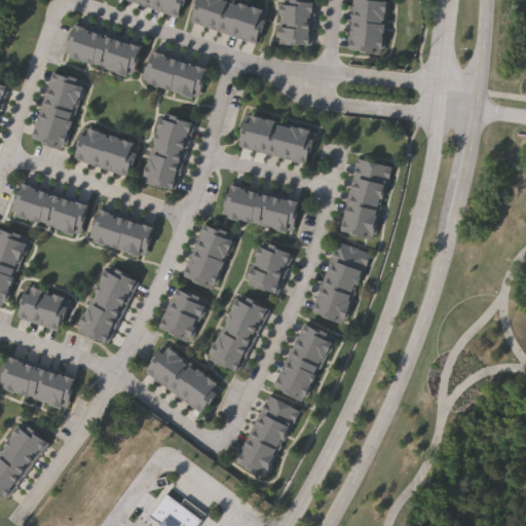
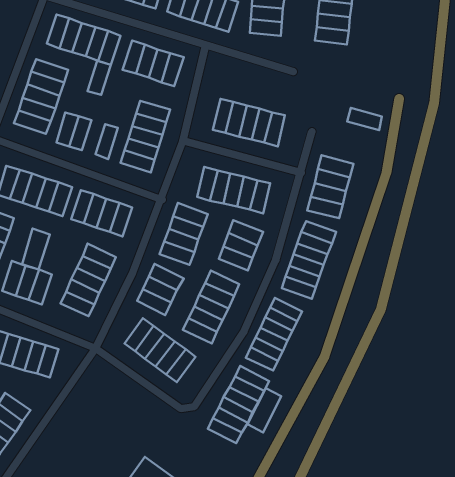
building: [100,136,124,172] -> [88,61,111,95]
building: [353,158,390,182] -> [347,108,382,130]
building: none -> [22,229,50,269]
building: none -> [248,388,281,433]

